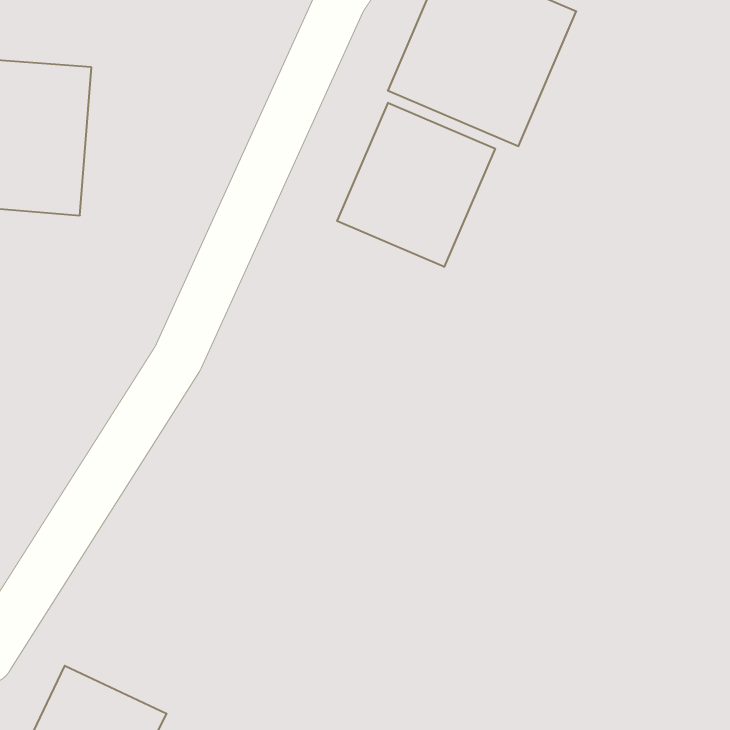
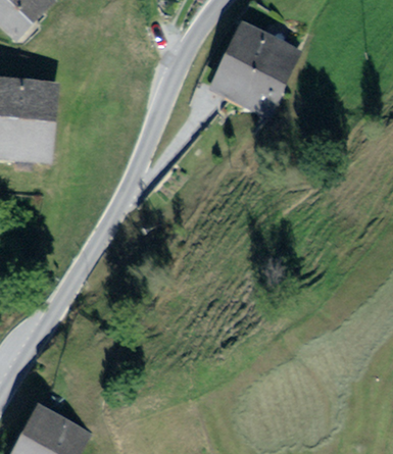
building: [337,103,495,267] -> none

